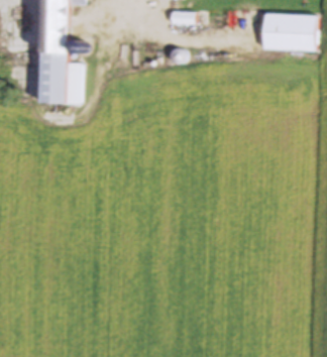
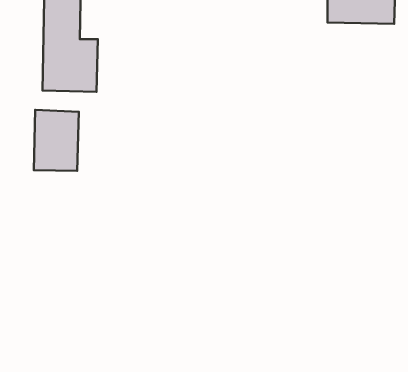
building: none -> [34,110,79,171]

